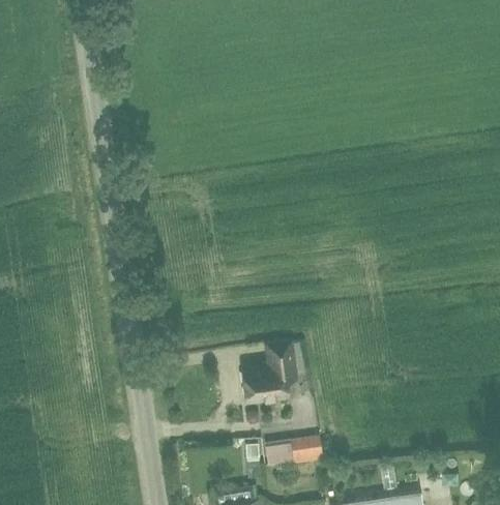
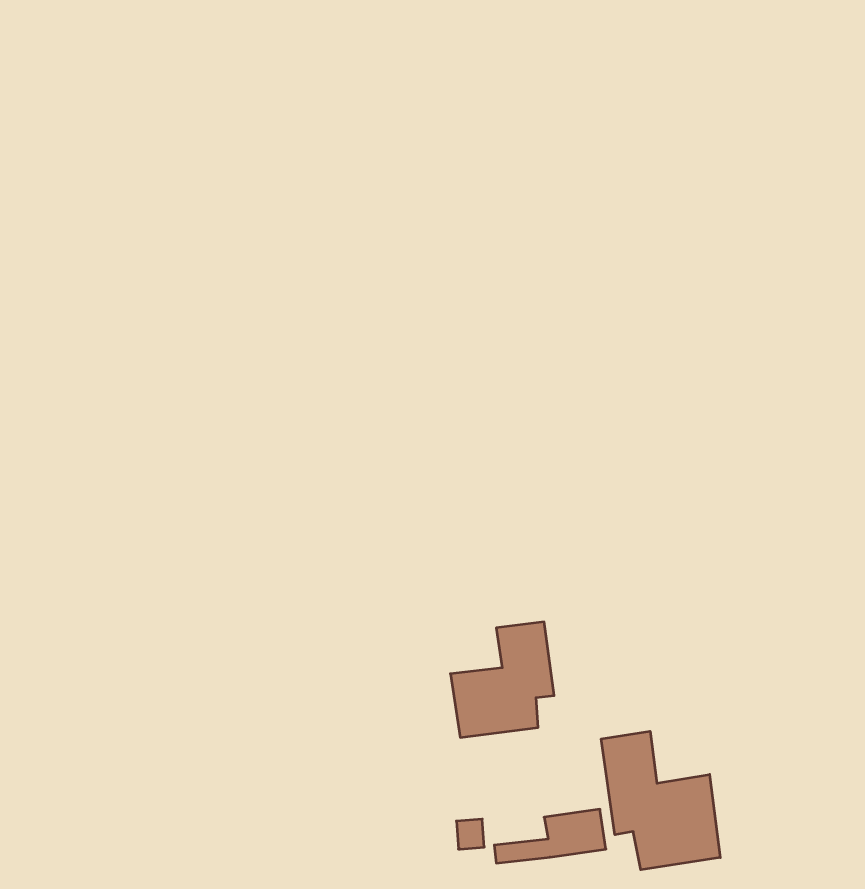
building: none -> [601,731,720,870]

